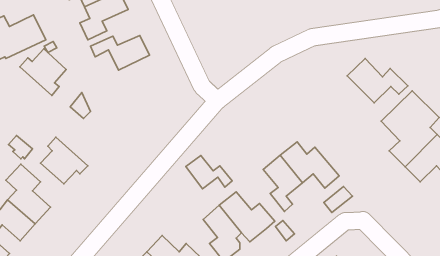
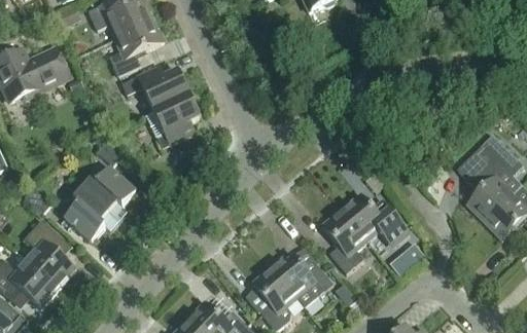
building: [20,49,66,95] -> [81,168,135,221]
building: none -> [145,94,200,149]
building: [347,59,408,103] -> none
building: [186,155,232,189] -> none

